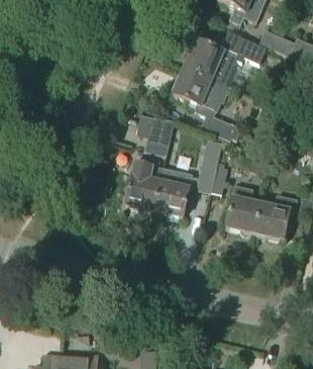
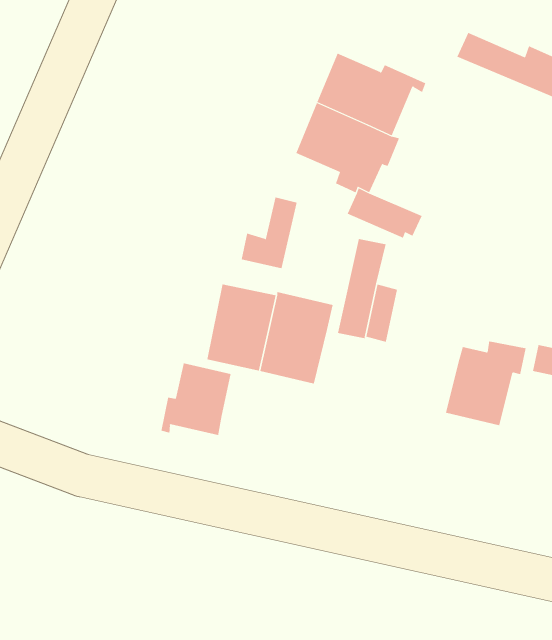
building: [228,32,267,62] -> none
building: [226,185,260,232] -> none
building: none -> [161,362,231,436]

